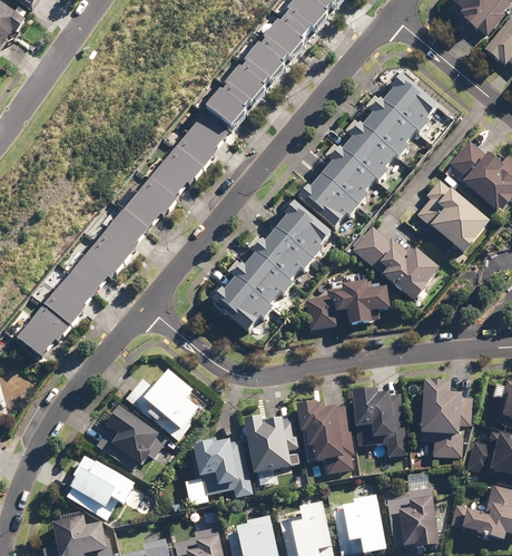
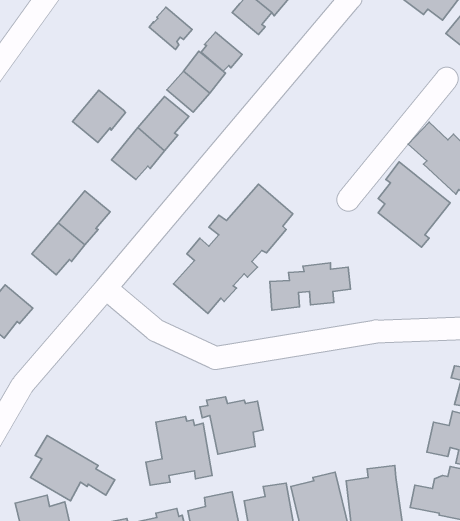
building: [254,28,297,70] -> [149,7,192,49]
building: [305,80,435,232] -> none
building: [122,176,176,228] -> [72,90,126,142]
building: [353,225,441,300] -> none
building: [42,271,93,325] -> none
building: [126,369,201,438] -> none
building: [421,380,463,457] -> none
building: [351,388,407,457] -> none
building: [297,397,355,474] -> none
building: [97,406,161,470] -> none

